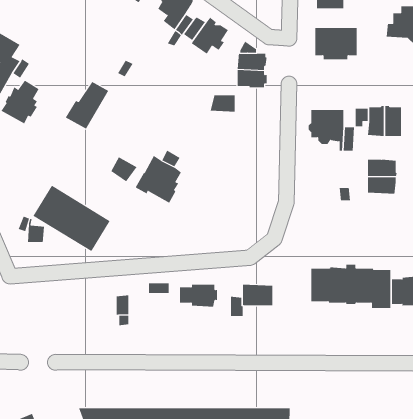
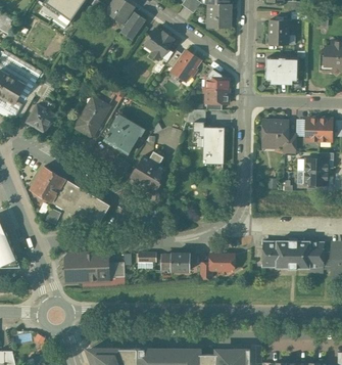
building: none -> [103,116,145,153]
building: none -> [189,129,224,162]
building: none -> [31,166,65,201]
building: none -> [66,253,109,282]

